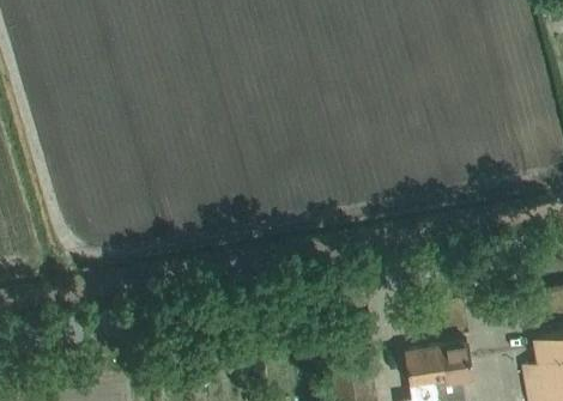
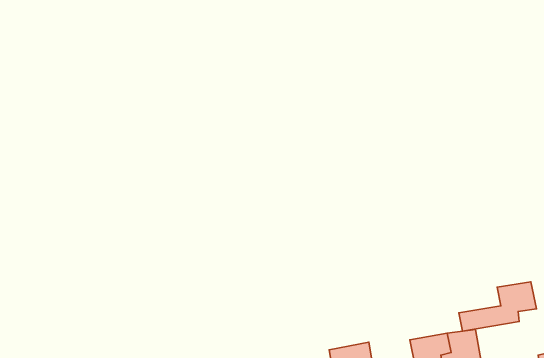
building: none -> [459,282,536,331]

